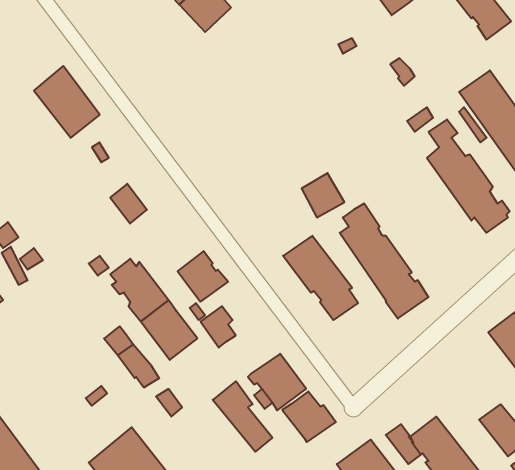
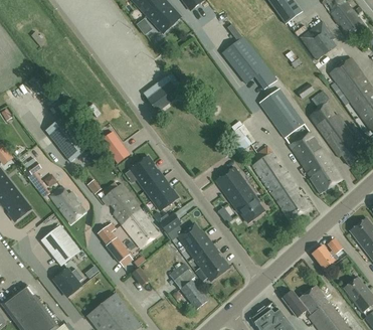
building: none -> [300,20,335,58]
building: none -> [221,35,276,88]
building: [34,66,100,138] -> [45,114,88,161]
building: none -> [143,72,184,111]
building: none -> [258,88,342,193]
building: none -> [129,155,162,189]
building: none -> [49,185,85,222]
building: none -> [40,224,79,265]
building: none -> [312,237,342,268]
building: none -> [53,268,82,296]
building: [282,391,336,442] -> [177,223,212,257]

